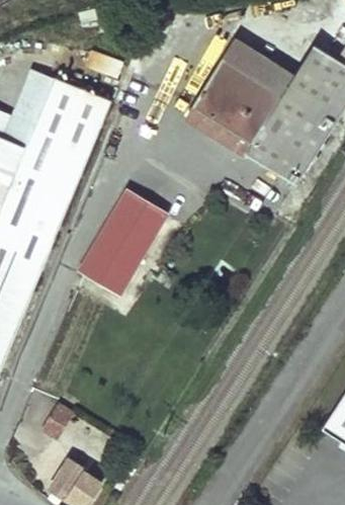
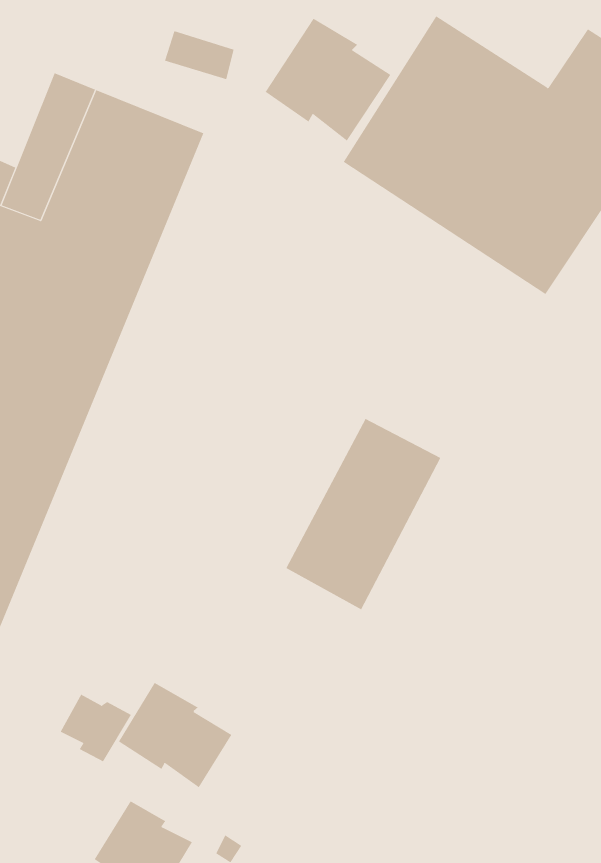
building: none -> [265,18,391,142]
building: [78,197,161,300] -> [286,418,441,610]
building: none -> [118,682,232,788]

